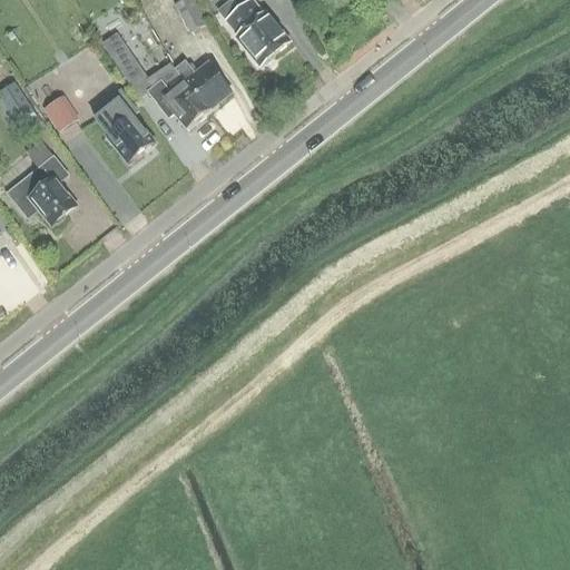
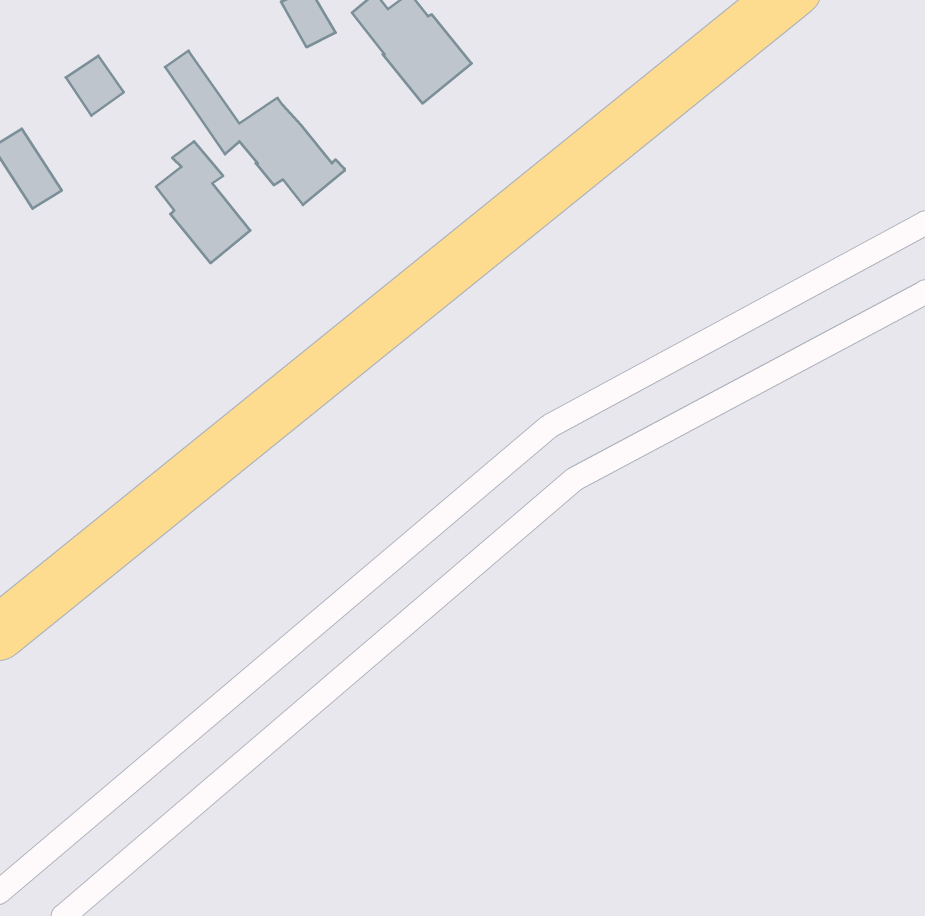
building: [174,57,232,104] -> none
building: [42,94,78,130] -> [66,56,124,116]
building: [6,153,76,223] -> none

